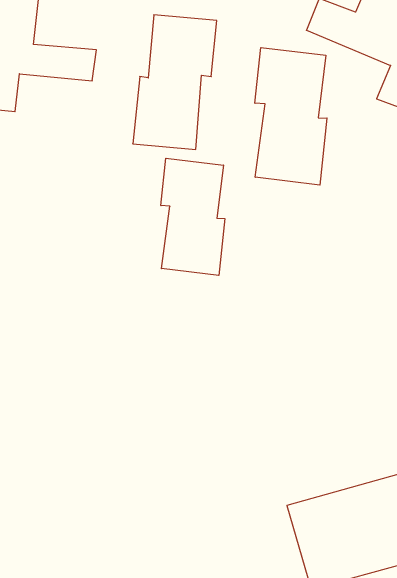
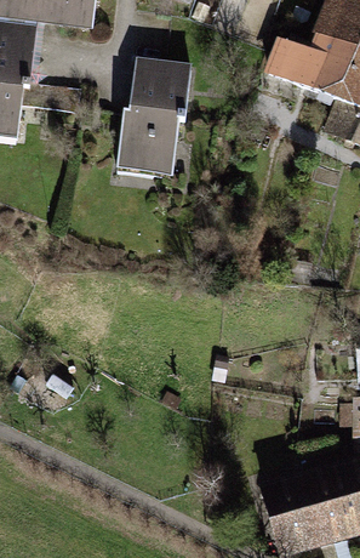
building: [255,48,327,185] -> none
building: [161,158,225,275] -> none

